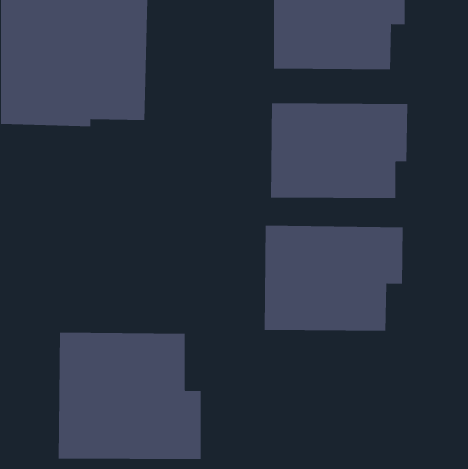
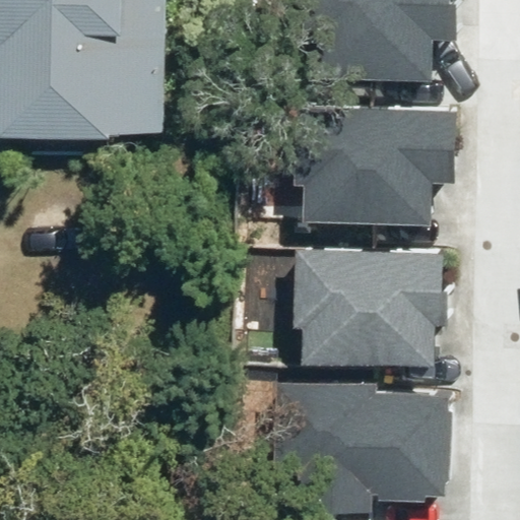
building: [58,332,201,460] -> none
building: none -> [271,393,449,503]

